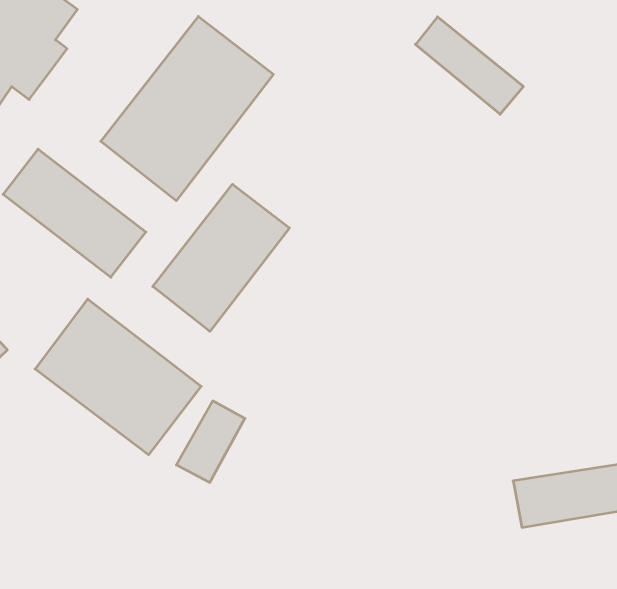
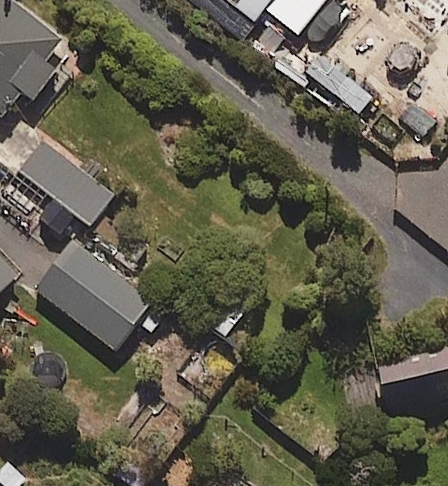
building: [101,16,273,201] -> none
building: [153,184,289,331] -> none

